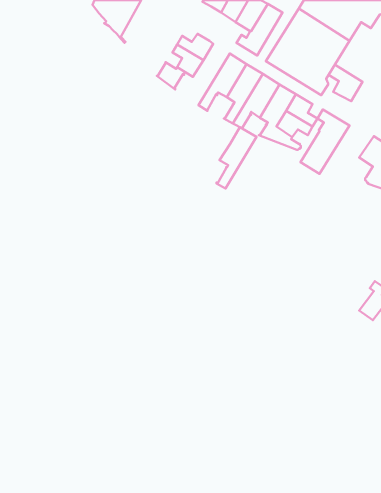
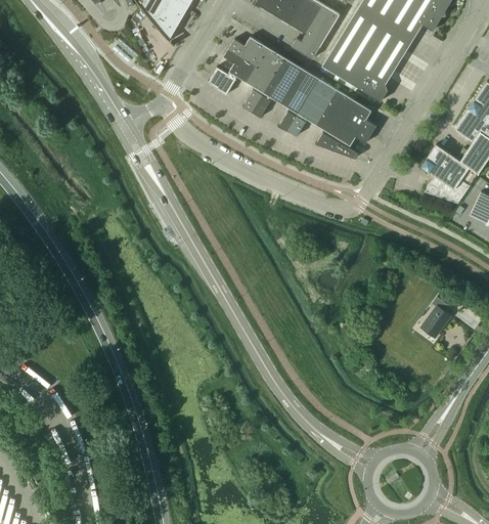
building: [329,65,363,101] -> none
building: [301,110,350,174] -> none
building: [217,127,257,189] -> [242,46,284,111]

